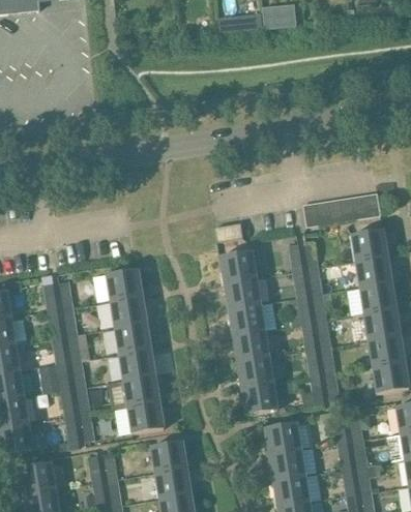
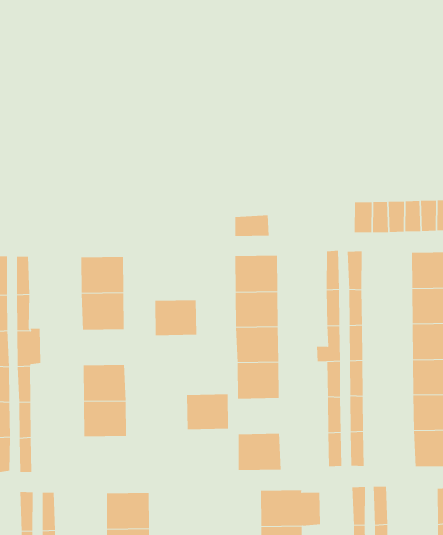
building: [116,324,151,355] -> [154,300,197,336]
building: [238,358,273,389] -> [186,394,229,430]
building: [128,402,165,434] -> none

